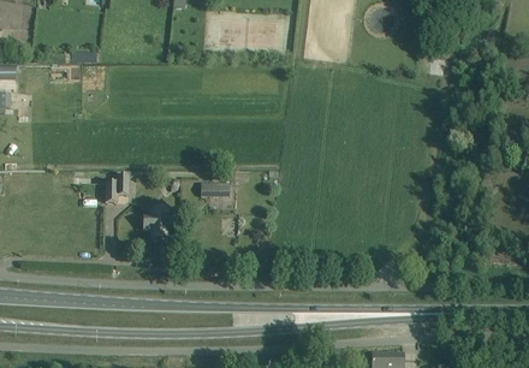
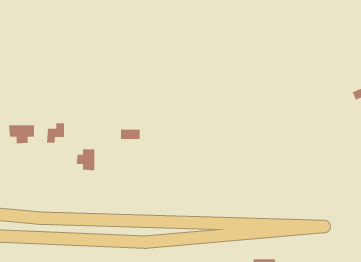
building: none -> [8,124,35,144]

